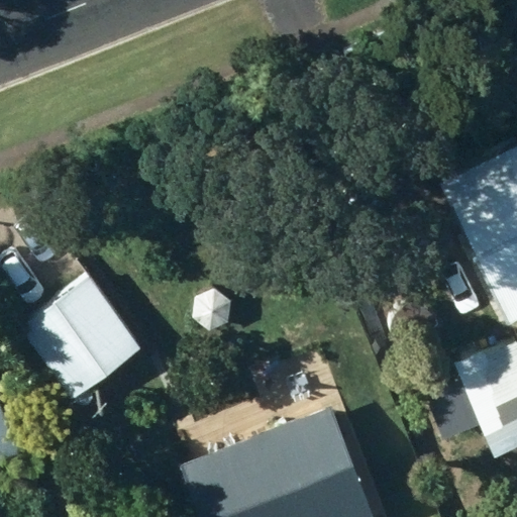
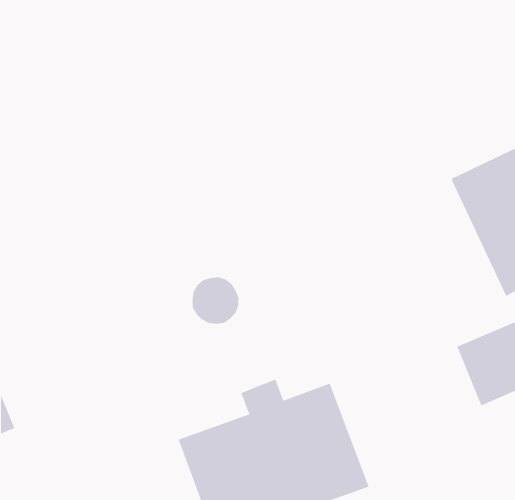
building: [16,270,138,392] -> none

